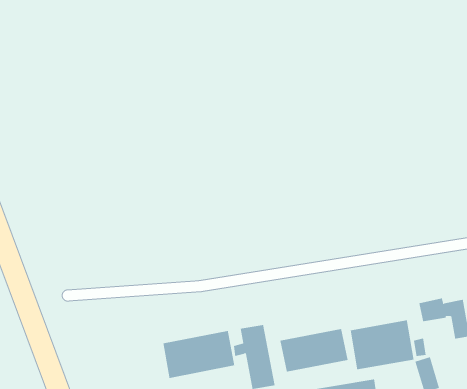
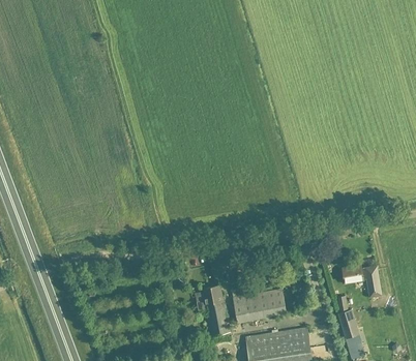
building: [350,319,414,370] -> none
building: [163,330,235,379] -> none

